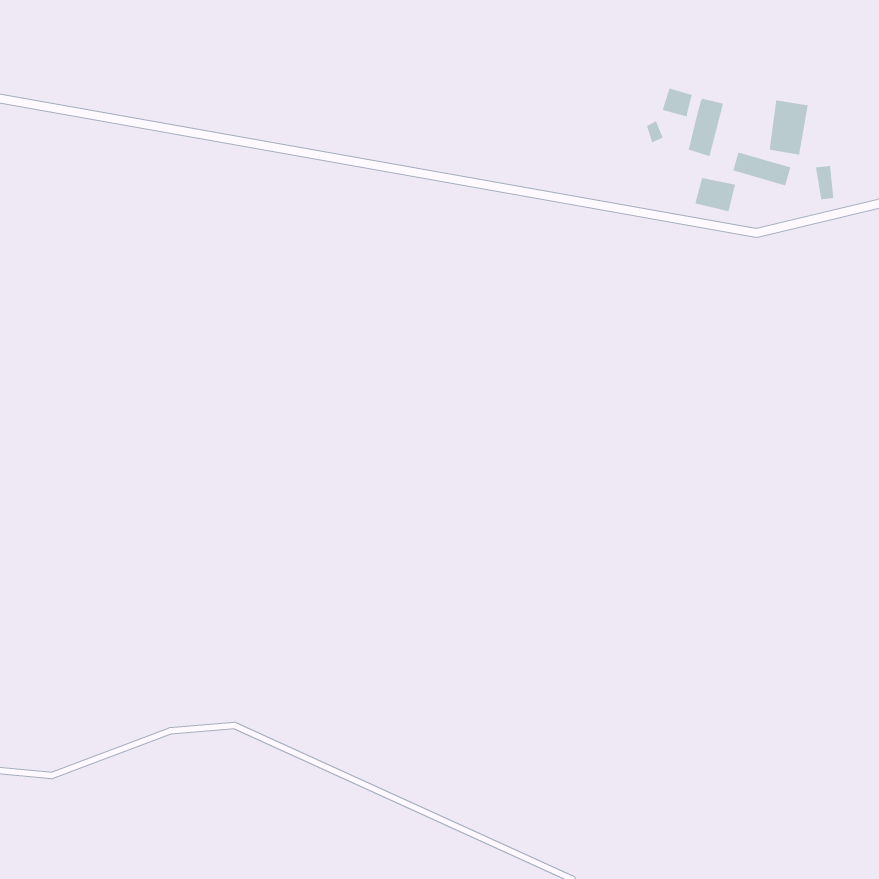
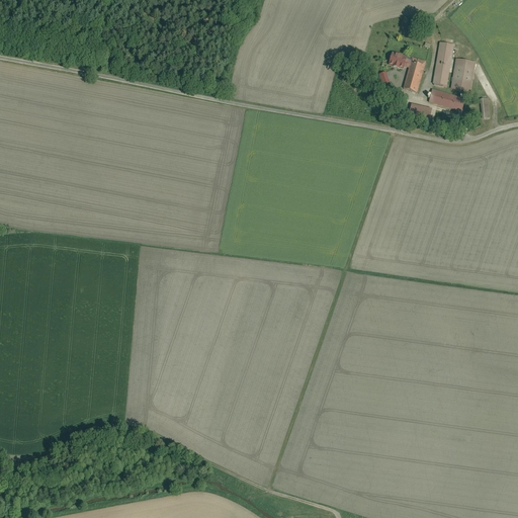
building: none -> [433,42,453,84]

